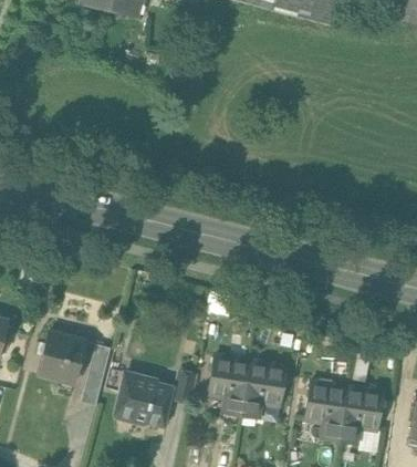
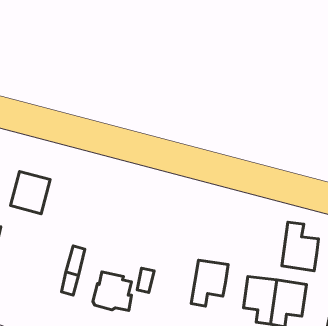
building: none -> [282,222,318,271]
building: [37,332,85,384] -> [10,171,50,214]
building: [207,356,249,415] -> none

